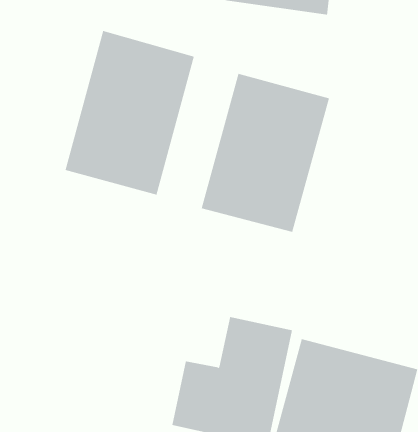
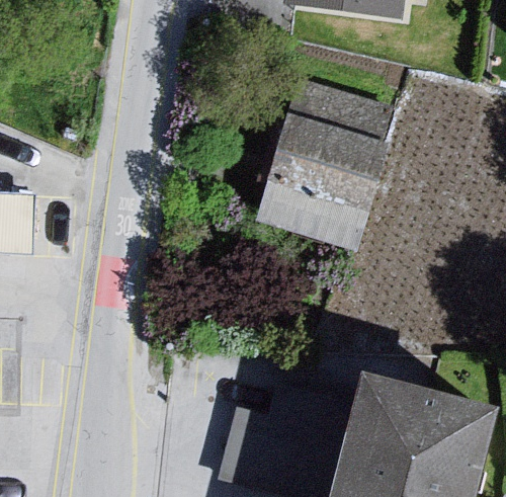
building: [65,30,194,196] -> none

